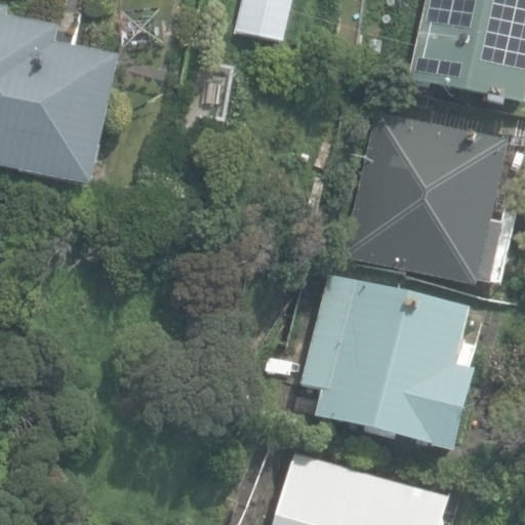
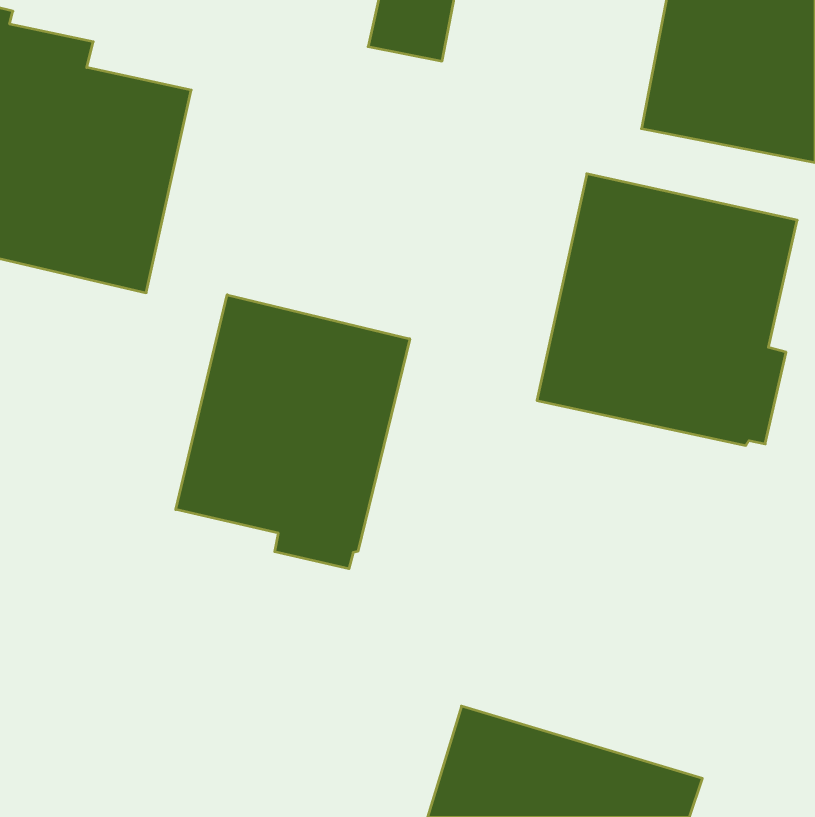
building: none -> [176,295,410,569]
building: [301,273,474,449] -> none

